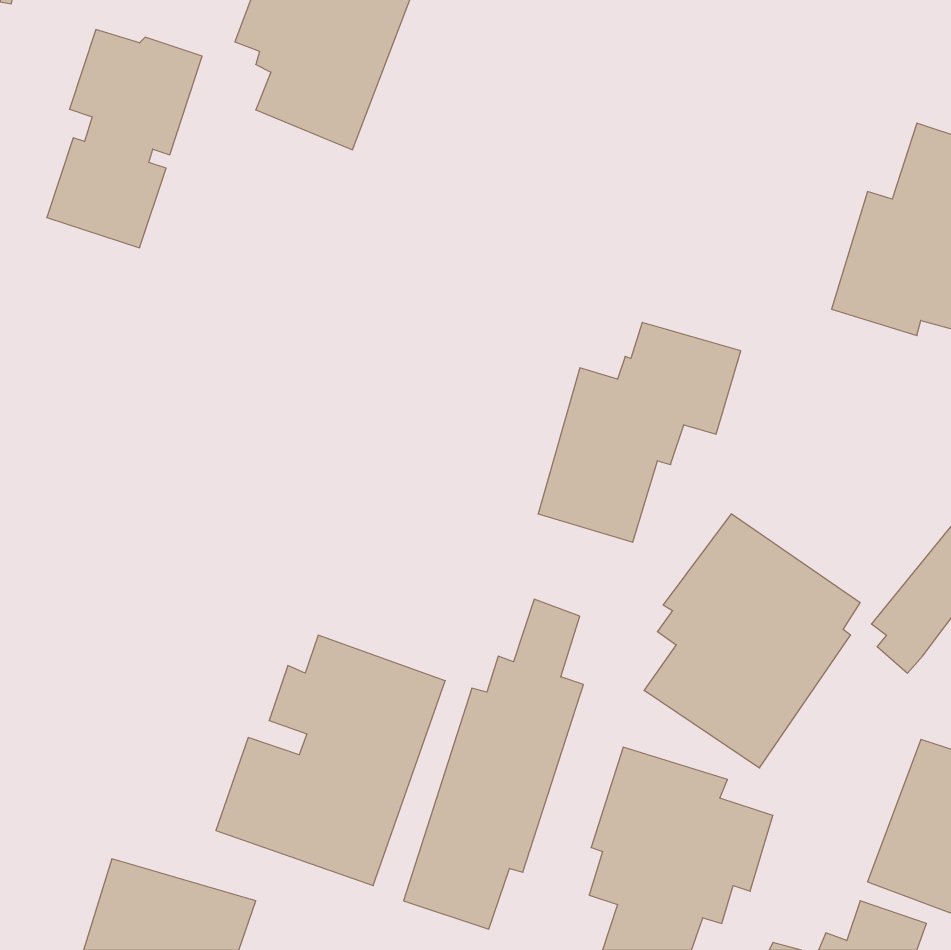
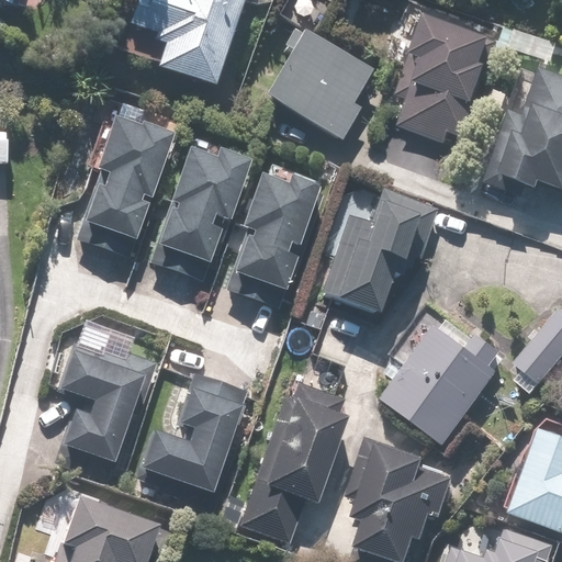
building: [47,30,202,248] -> [78,125,168,251]
building: none -> [405,18,490,136]
building: none -> [266,26,371,139]
building: none -> [151,154,246,277]
building: none -> [225,178,314,303]
building: none -> [57,339,165,479]

